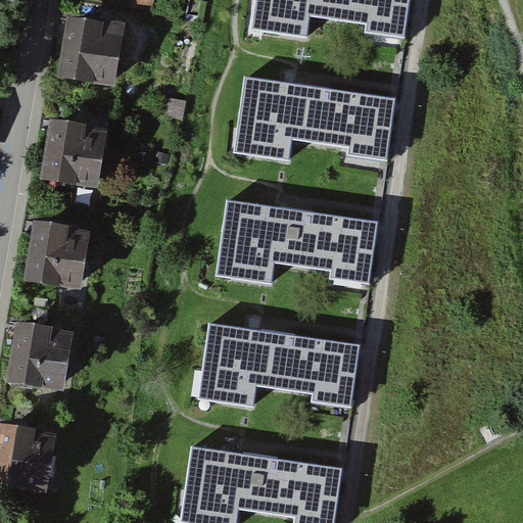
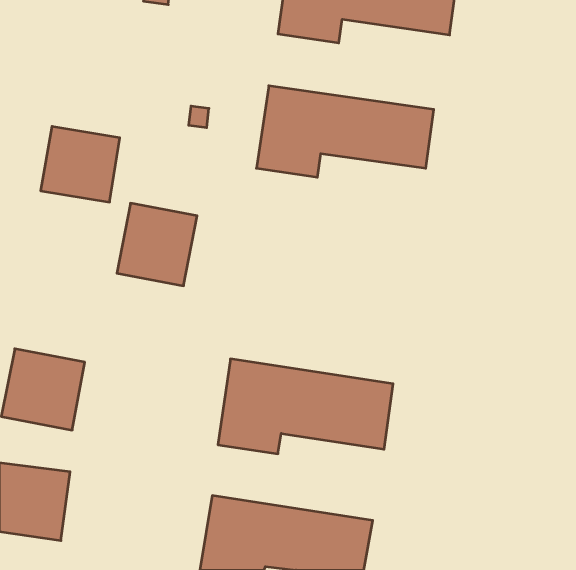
building: [59,12,129,80] -> none
building: [215,198,375,284] -> none
building: [21,215,94,289] -> [117,203,197,286]

